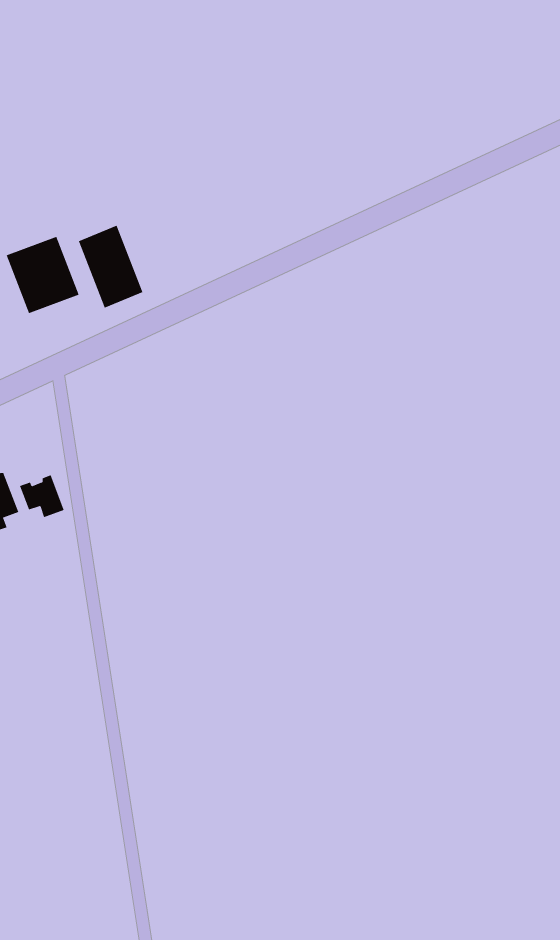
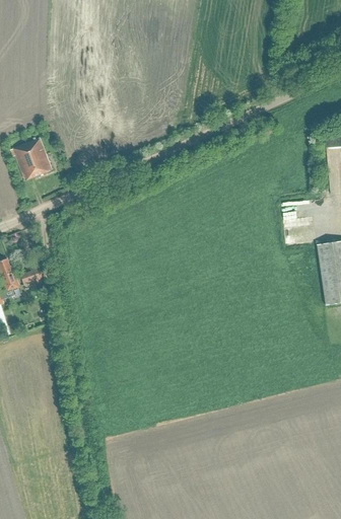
building: [78,225,143,309] -> none

